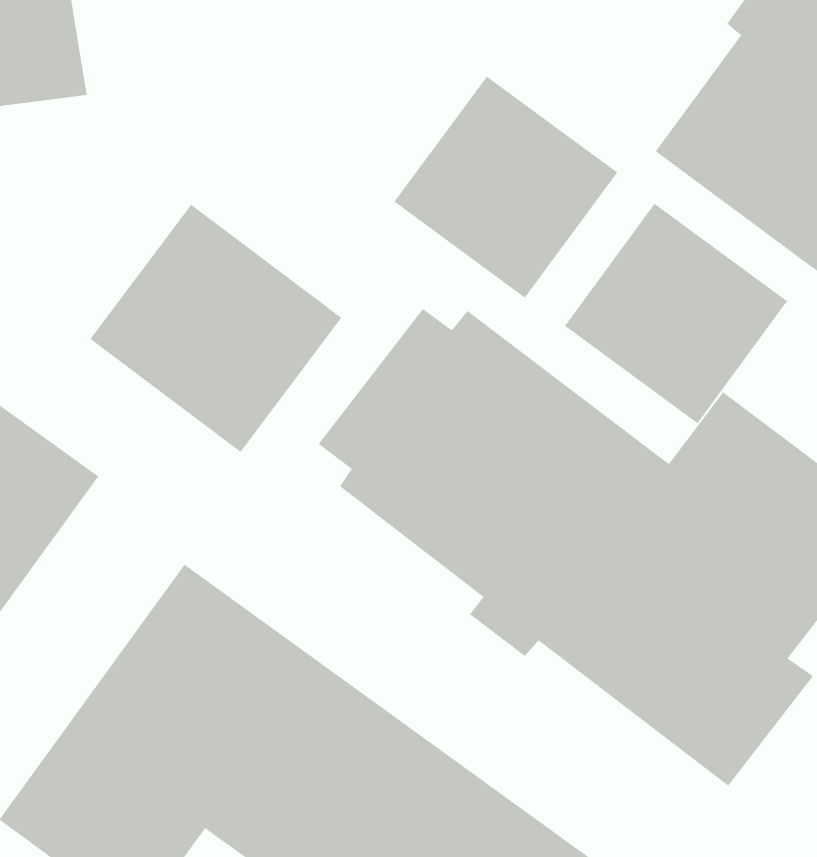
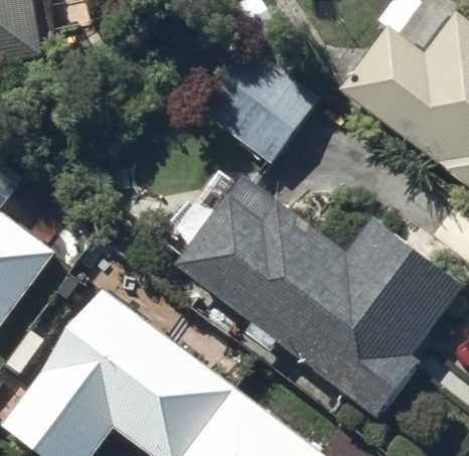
building: [564,203,788,424] -> none
building: [89,204,342,453] -> none

